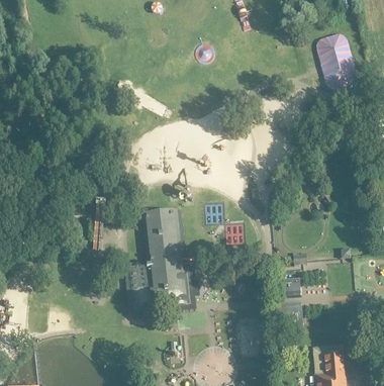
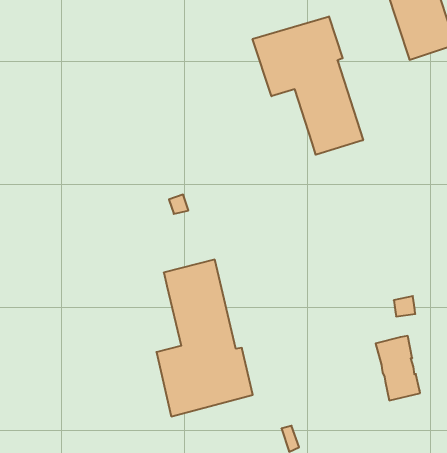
building: none -> [253,16,363,155]

